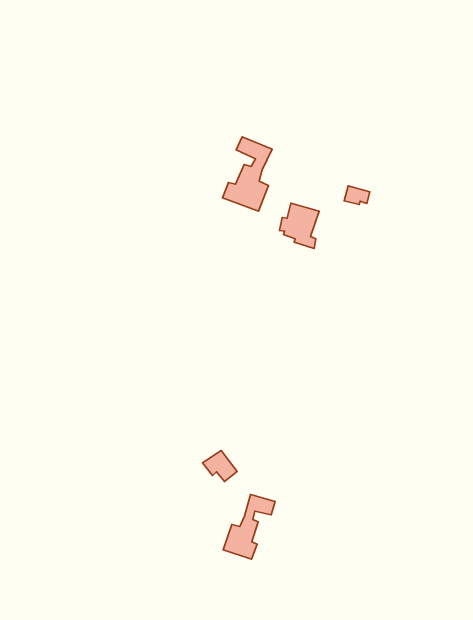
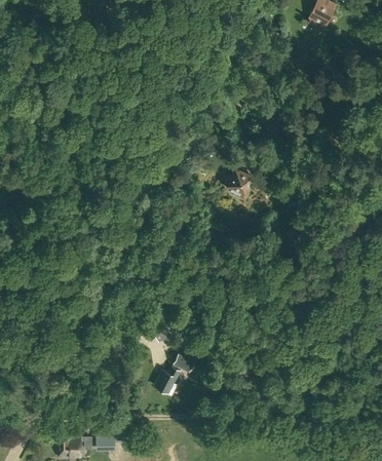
building: [223,137,272,211] -> none

